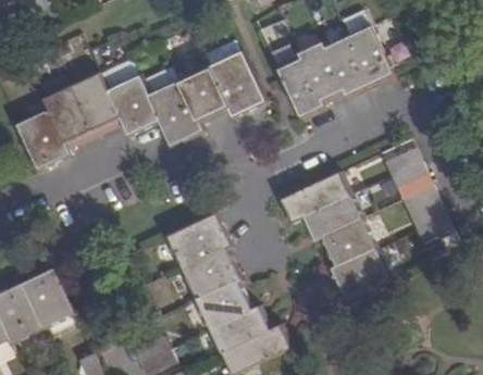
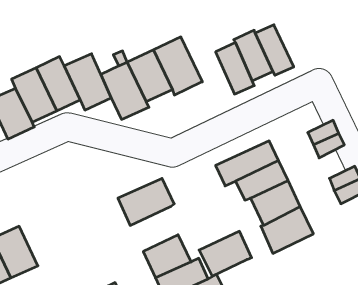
building: [346,23,393,84] -> none
building: [179,246,240,298] -> [199,231,252,276]

